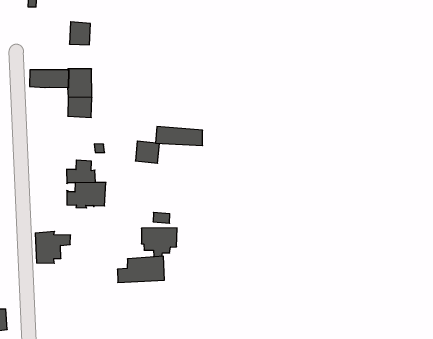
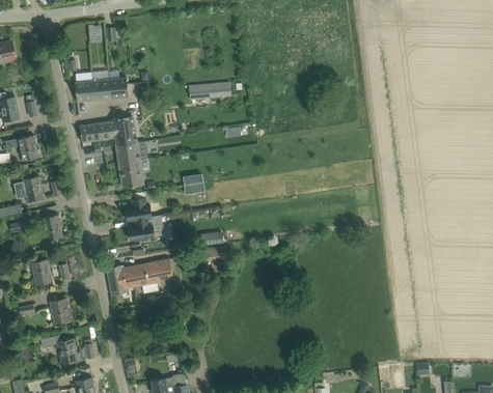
building: none -> [76,79,111,102]
building: none -> [119,160,143,188]
building: [156,127,203,146] -> [190,82,232,100]
building: [117,256,164,282] -> [131,258,173,287]

